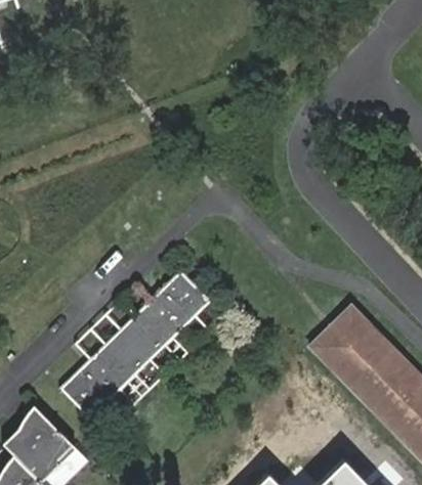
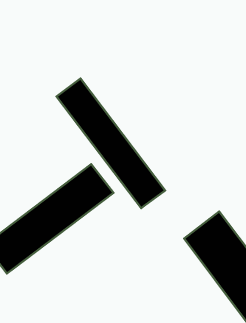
building: none -> [56,79,165,208]

